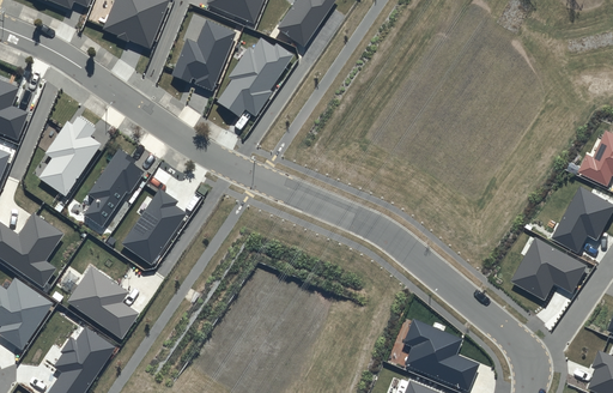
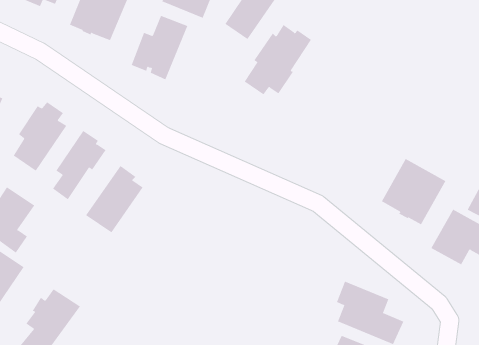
building: [217,37,293,117] -> [244,24,312,95]
building: none -> [381,158,446,225]
building: [67,266,139,338] -> none

